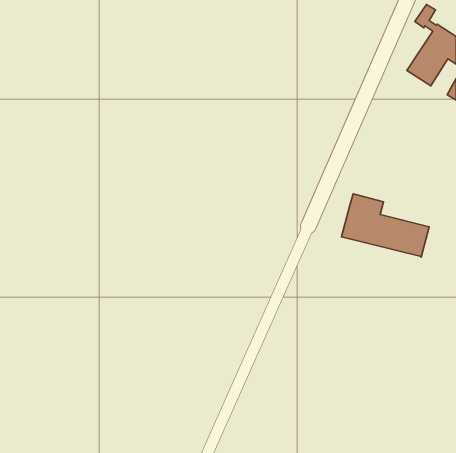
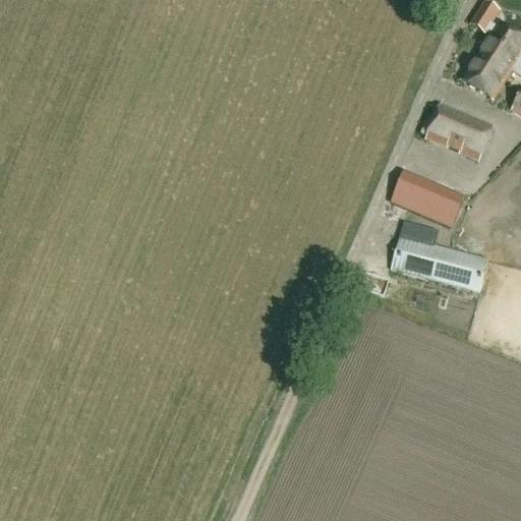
building: none -> [425,103,493,160]
building: none -> [401,171,456,211]

